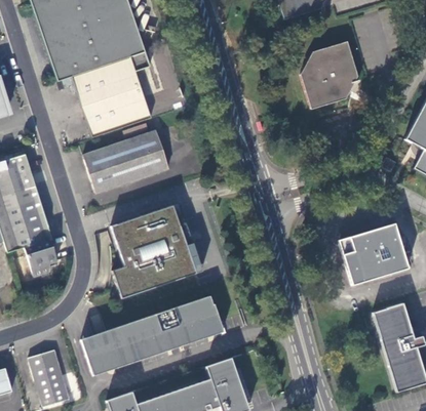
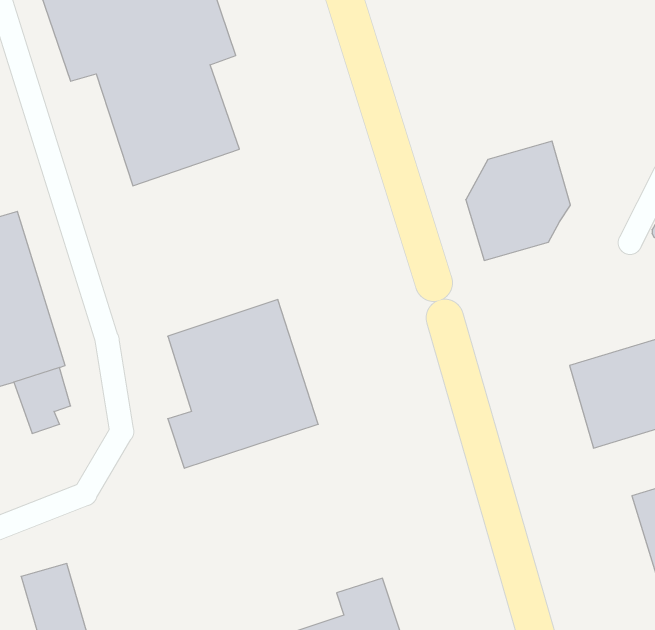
building: [301,41,359,108] -> [466,141,570,260]
building: [83,131,168,192] -> none
building: [82,295,225,375] -> none

